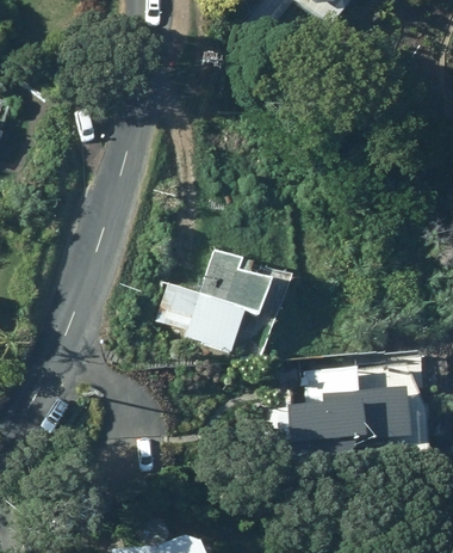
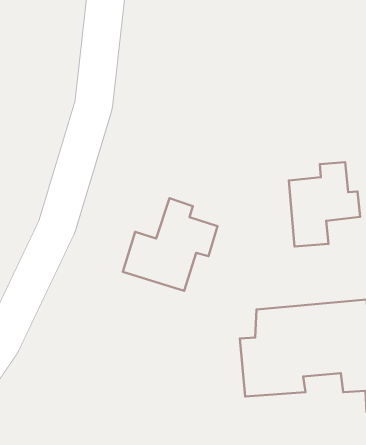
building: none -> [289,162,360,247]

